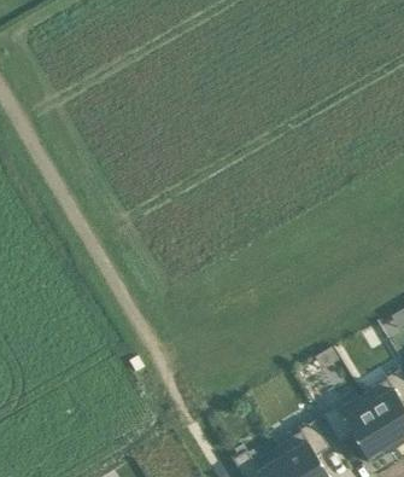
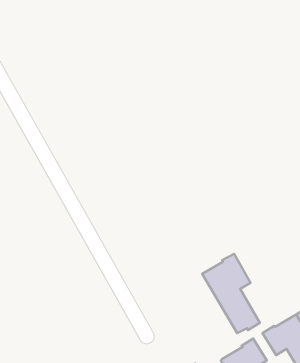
building: none -> [202,254,260,333]

